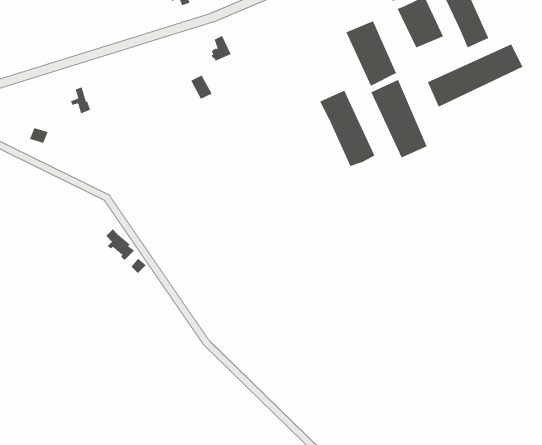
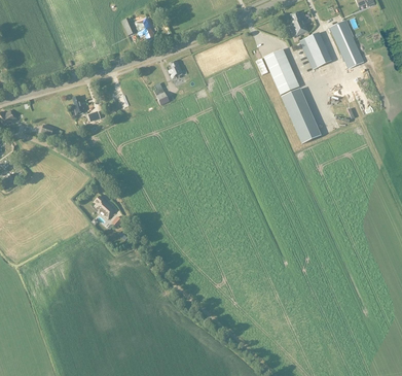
building: [427,44,523,107] -> none
building: [320,90,375,167] -> none

